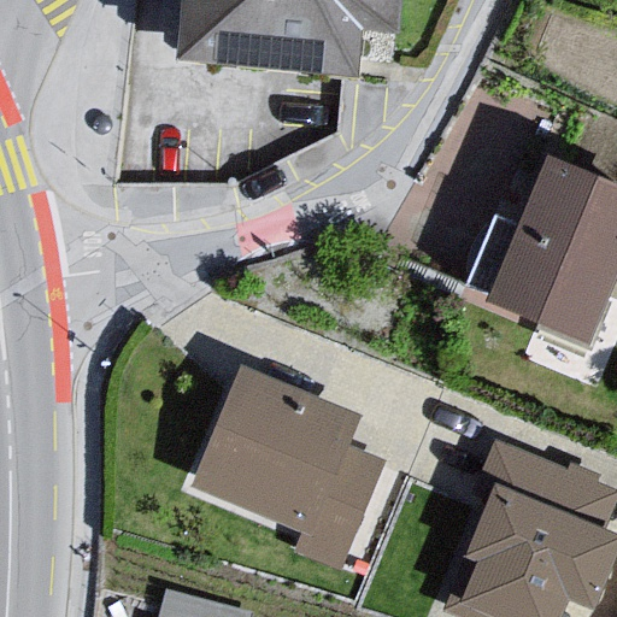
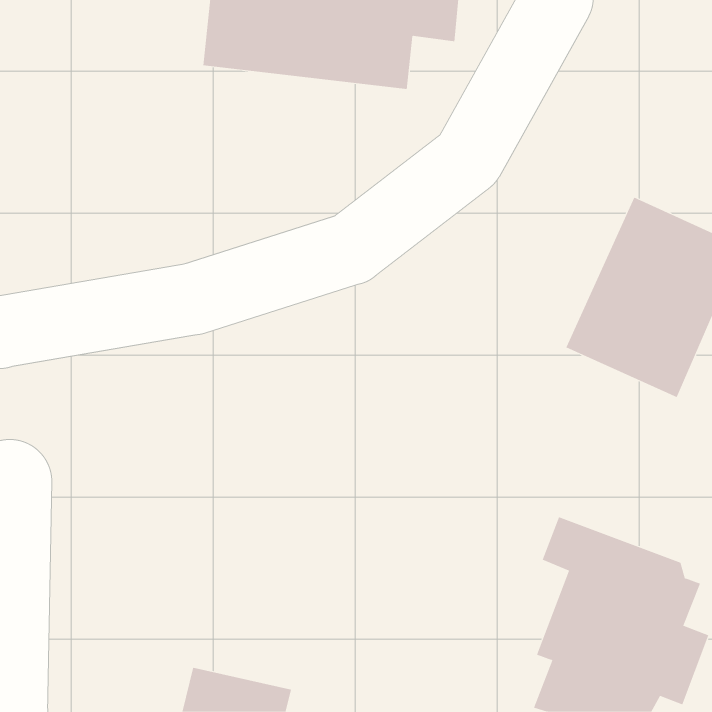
building: [194,370,381,577] -> none

